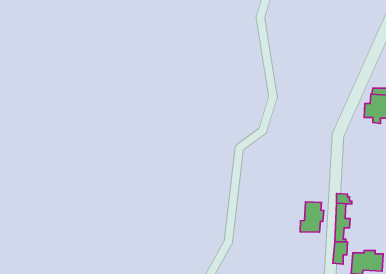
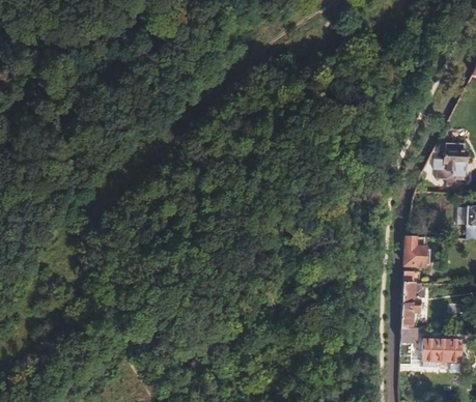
building: none -> [405,235,427,262]
building: [300,202,324,232] -> none

